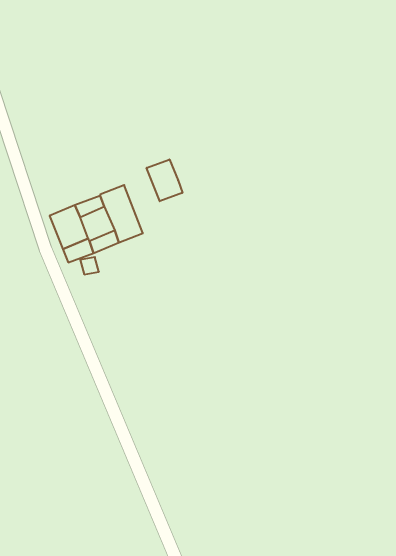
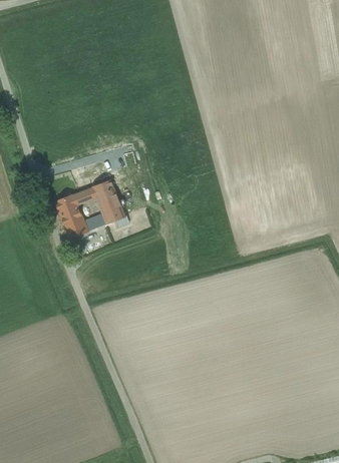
building: [147,159,182,201] -> none

